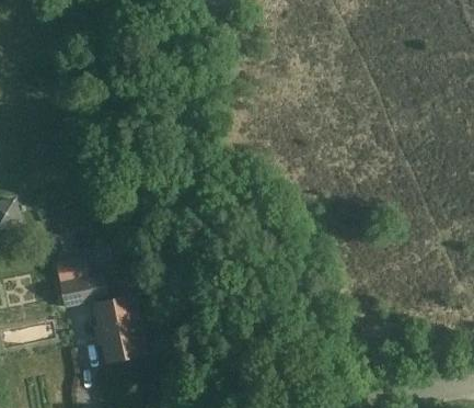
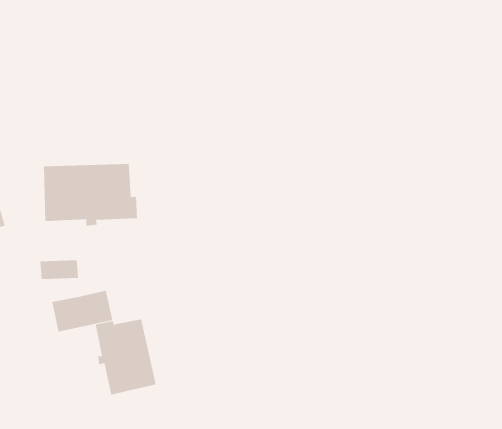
building: none -> [43,163,137,226]

